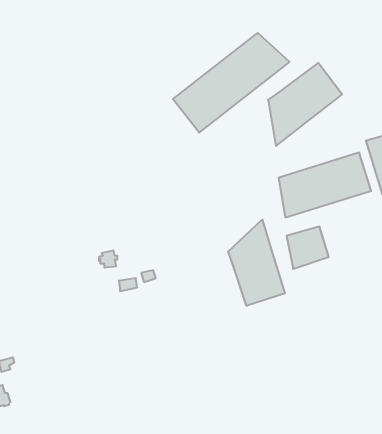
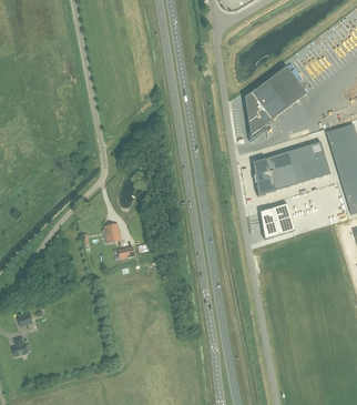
building: [173,33,289,133] -> none
building: [228,220,285,306] -> none

